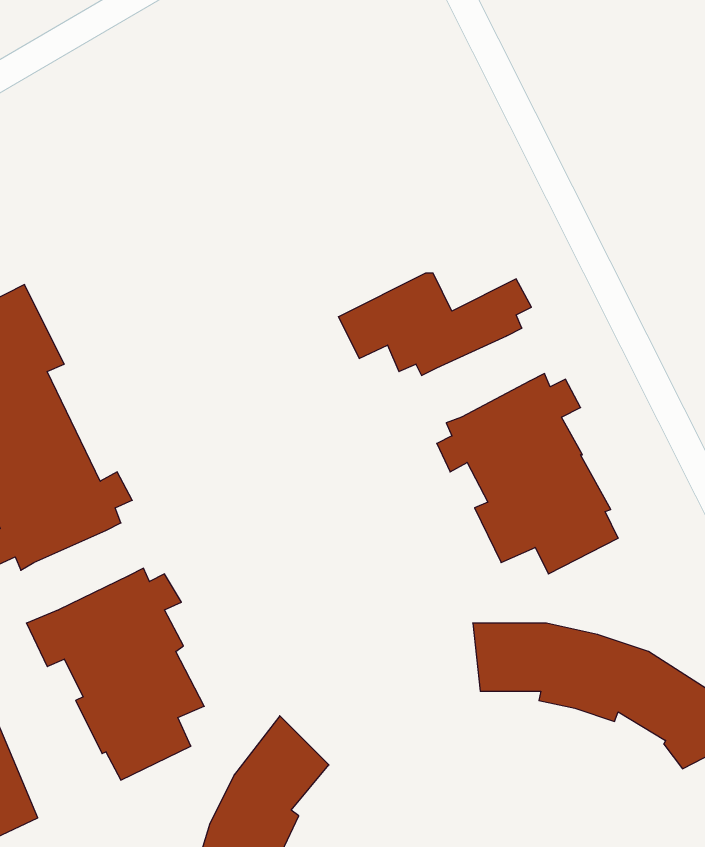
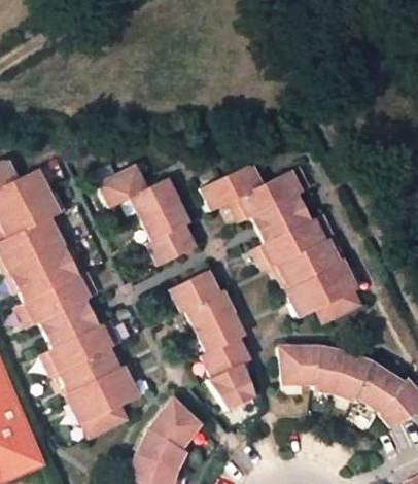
building: none -> [108,160,199,264]
building: none -> [259,196,310,240]
building: none -> [173,268,255,411]
building: none -> [40,302,92,345]

